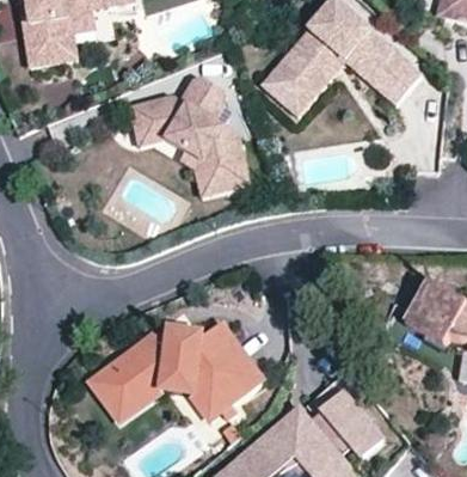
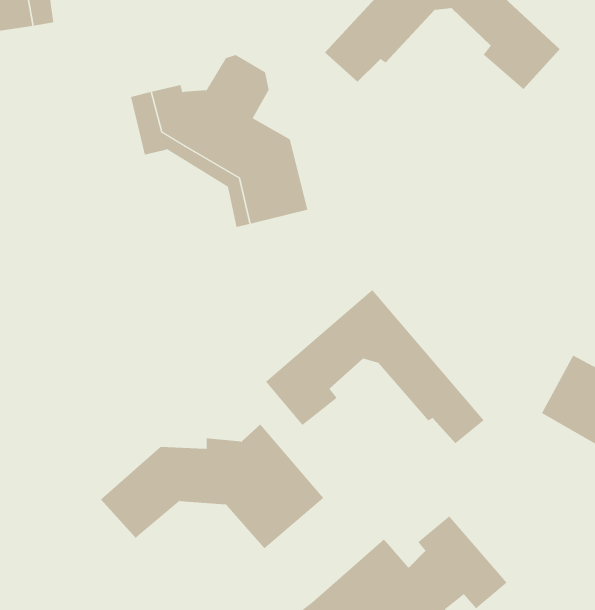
building: [282,47,371,109] -> none
building: none -> [265,289,484,444]
building: [88,379,219,430] -> none

